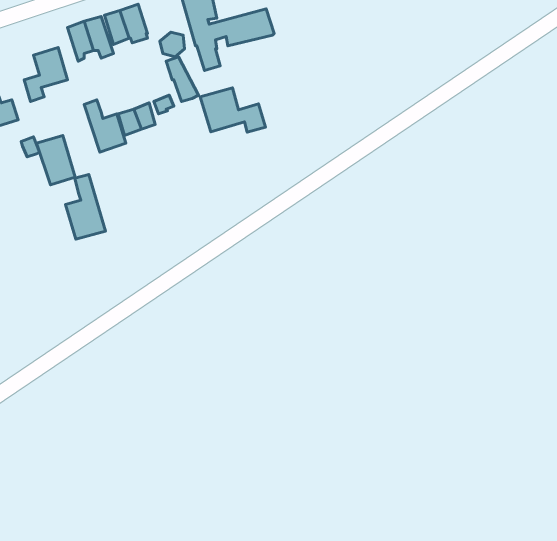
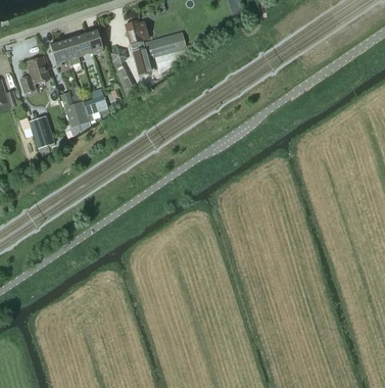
building: [200,88,265,132] -> none
building: [65,175,106,239] -> none

